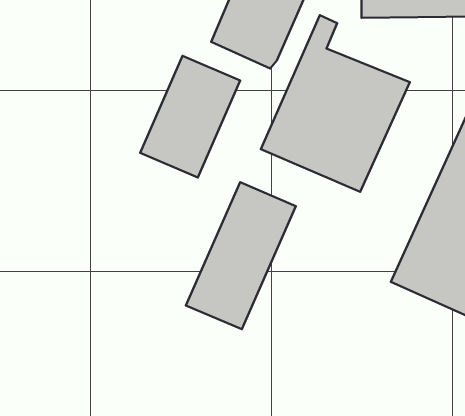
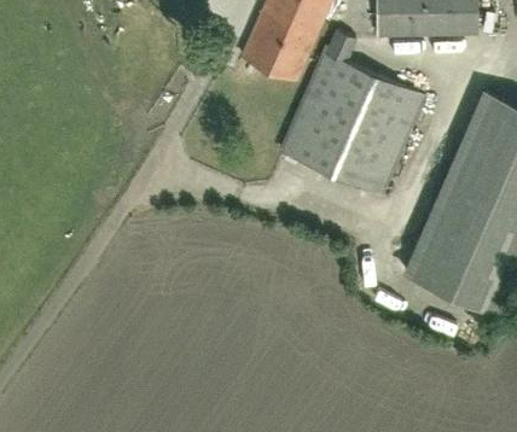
building: [140,56,240,177] -> none
building: [186,182,296,329] -> none

